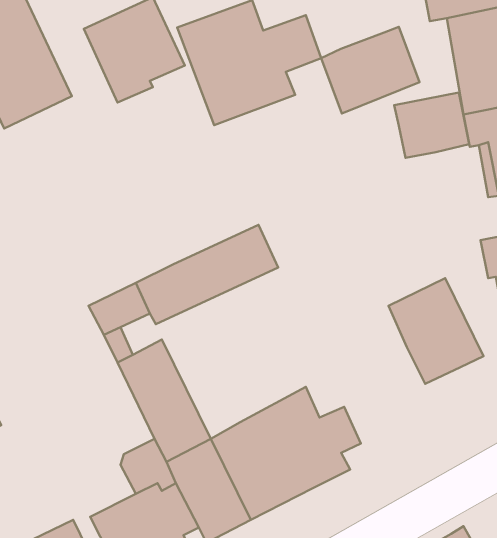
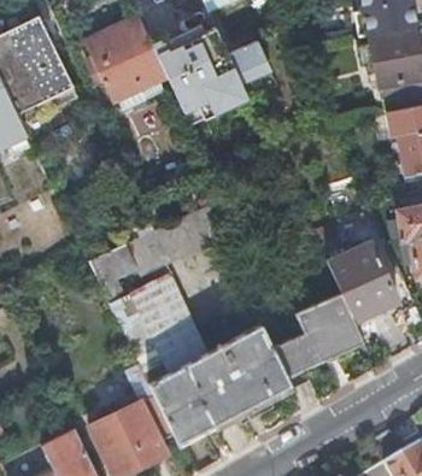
building: [321,27,419,113] -> none
building: [394,92,469,158] -> none
building: none -> [147,277,209,366]
building: none -> [291,294,363,370]

